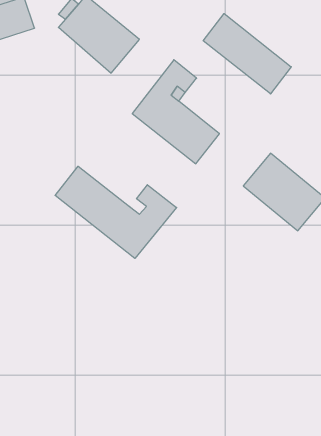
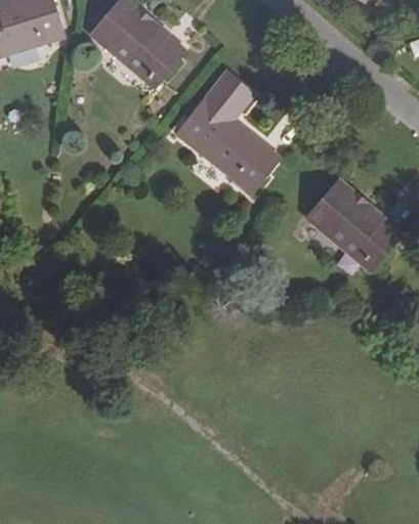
building: [203,14,291,94] -> none
building: [55,166,177,258] -> none

